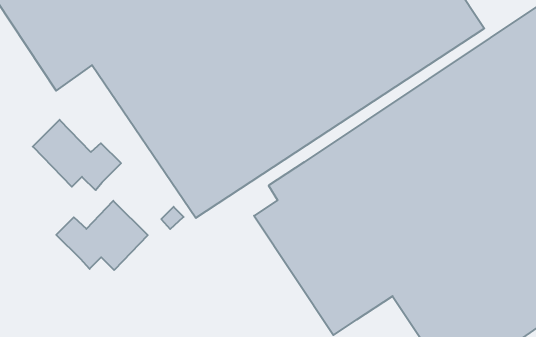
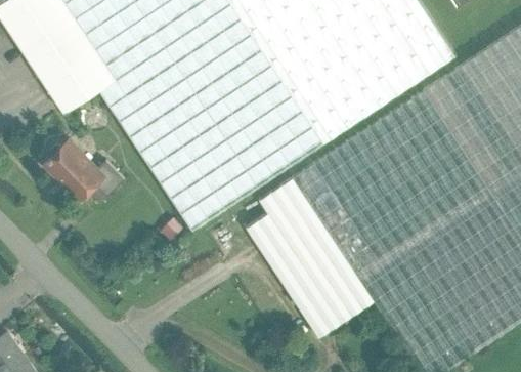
building: [56,201,148,270] -> none

